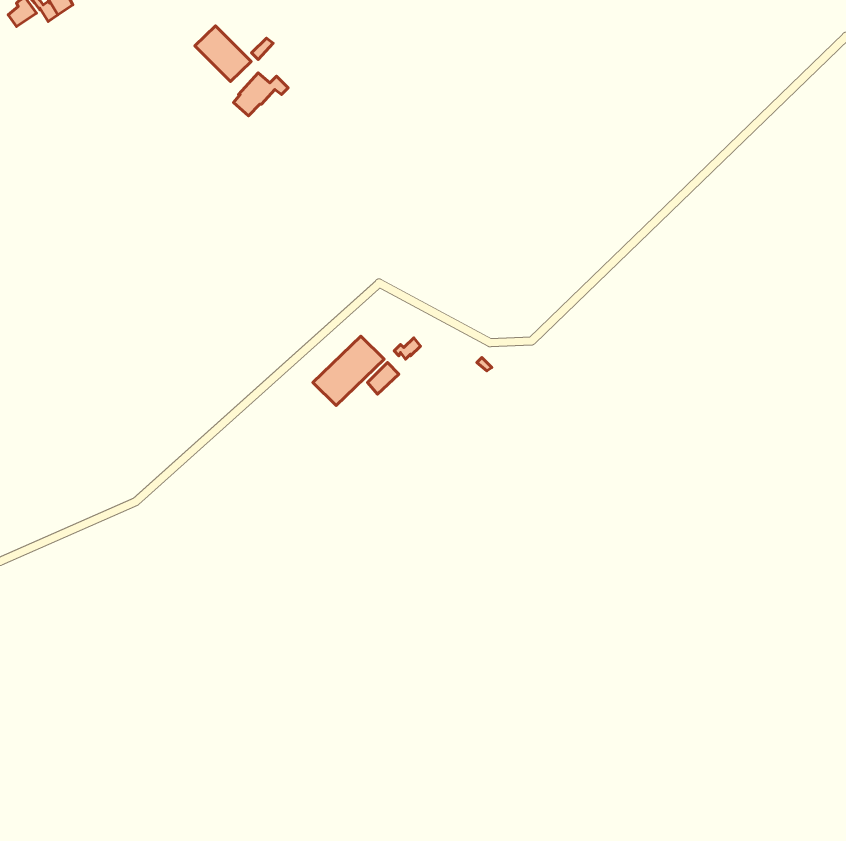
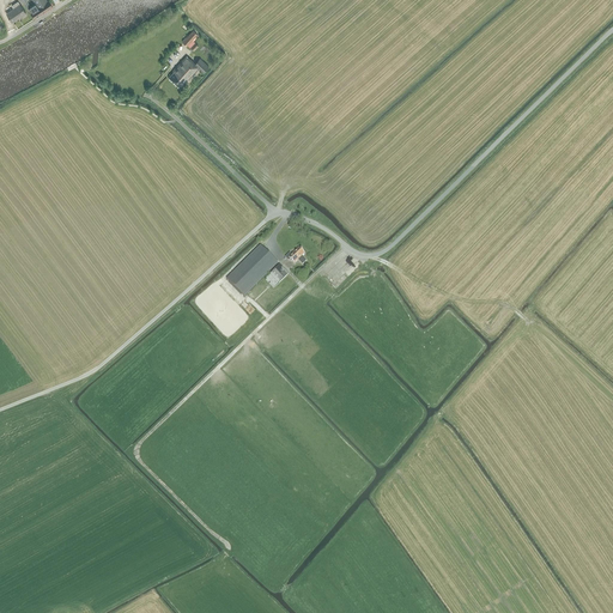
building: [195,26,251,82] -> none

